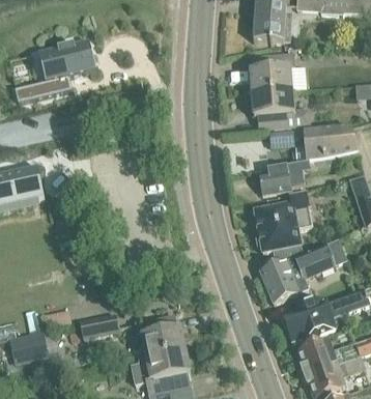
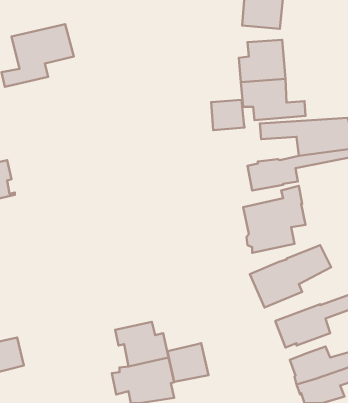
building: none -> [211,100,244,130]
building: [79,314,118,339] -> none
building: none -> [167,343,208,382]

